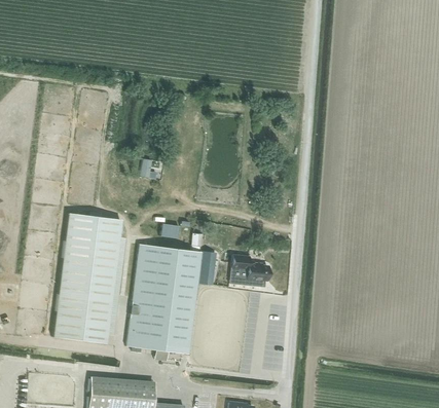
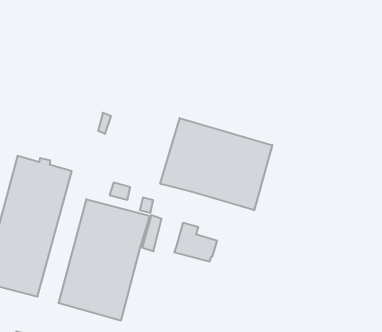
building: none -> [160,118,272,210]

